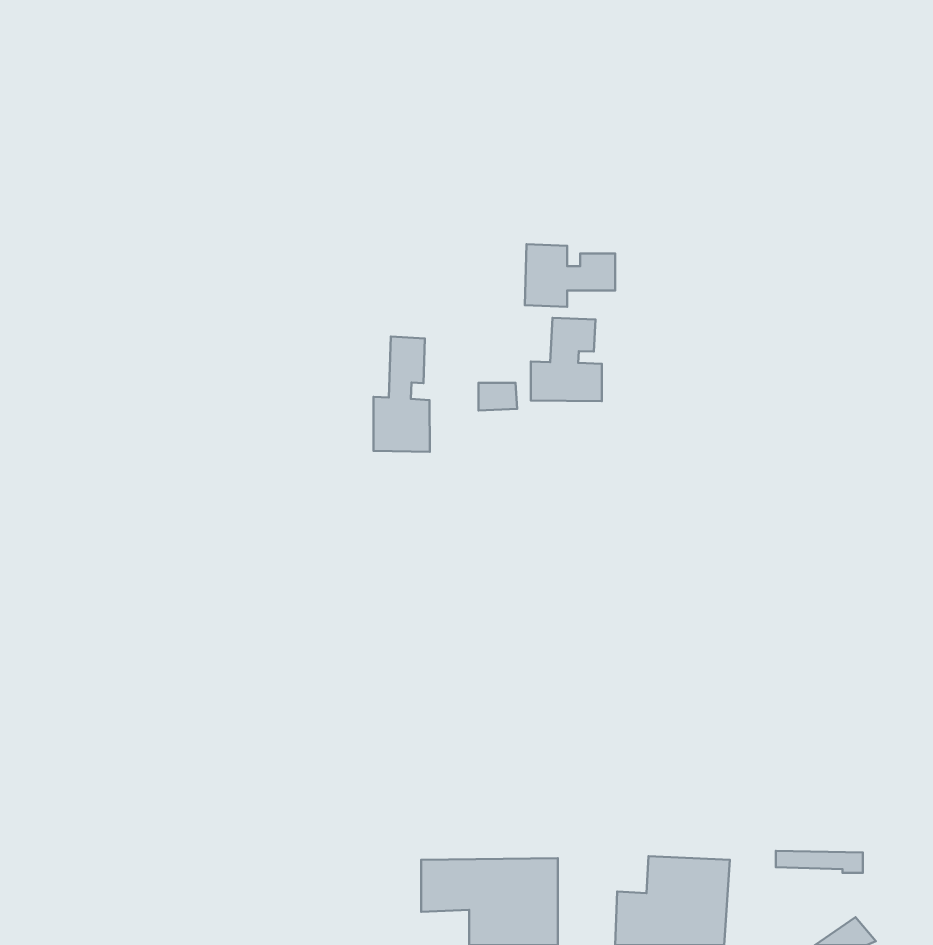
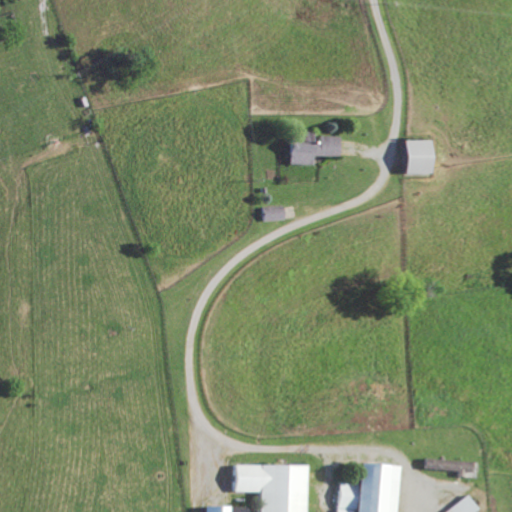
building: none -> [402,141,428,176]
building: [531,318,602,401] -> none
building: [374,337,430,452] -> none

